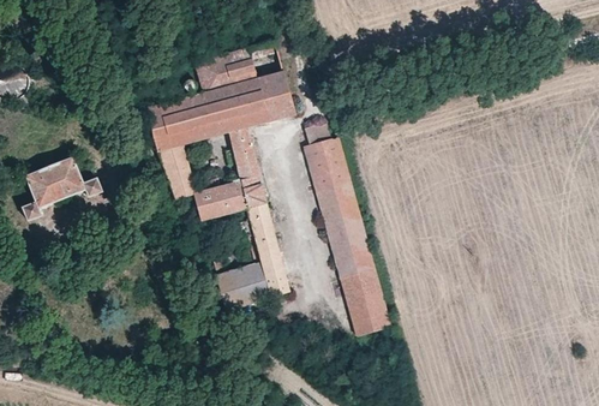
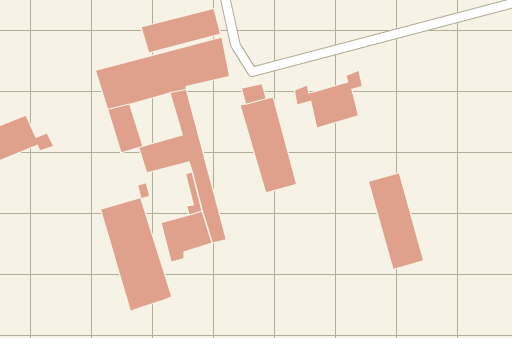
building: none -> [294,70,362,128]
building: [330,232,390,336] -> [368,173,424,269]
building: none -> [101,197,172,311]

